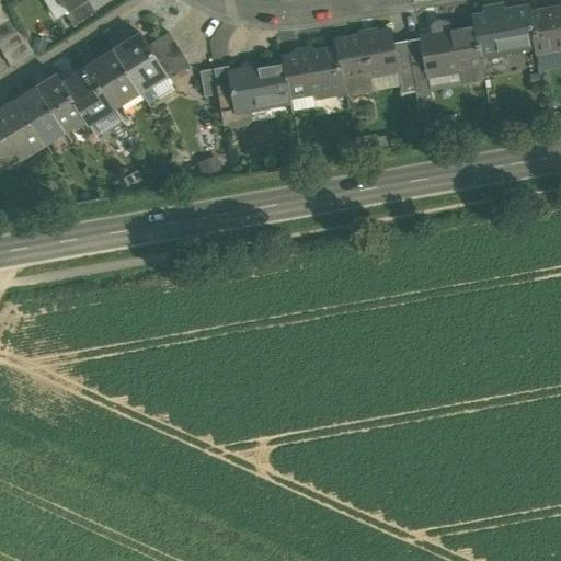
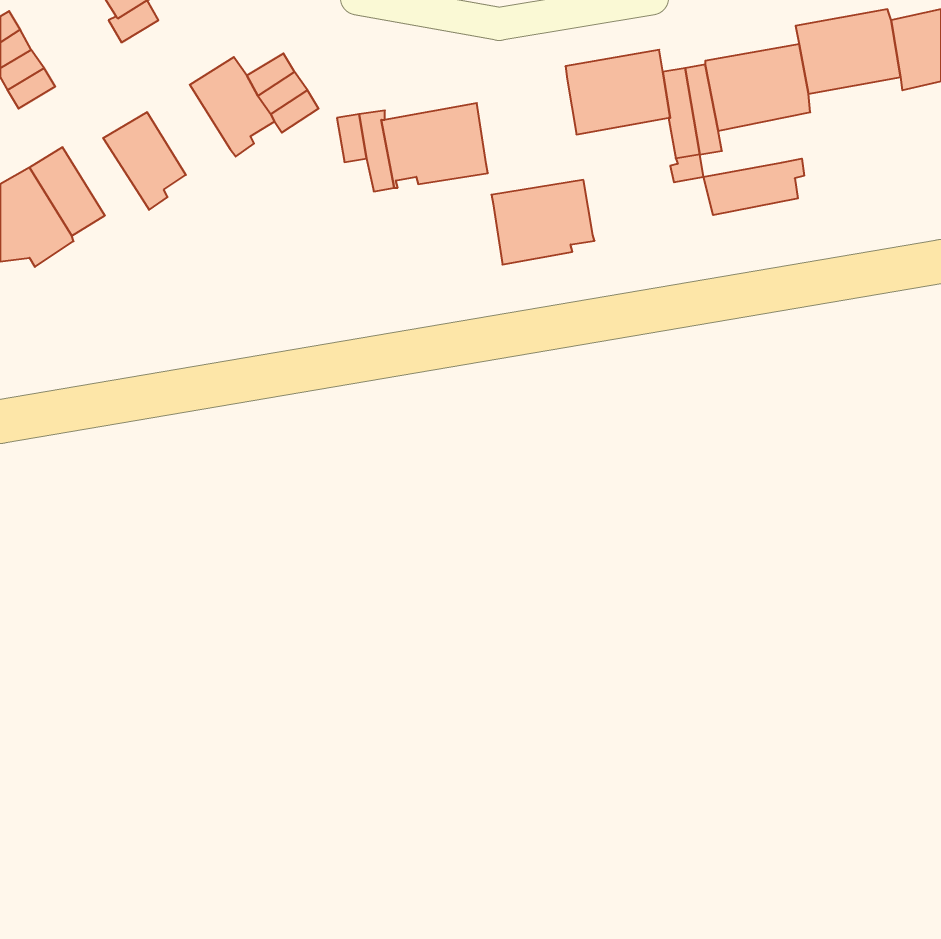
building: [283,47,344,98] -> [491,180,595,265]
building: [88,50,137,108] -> none
building: [37,76,83,128] -> none
building: none -> [703,159,804,215]

